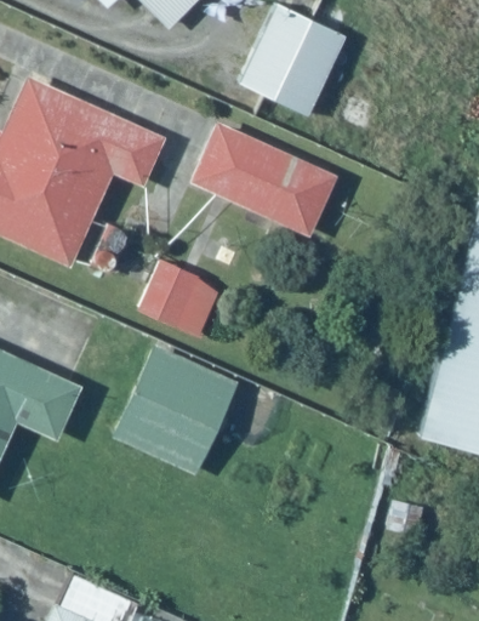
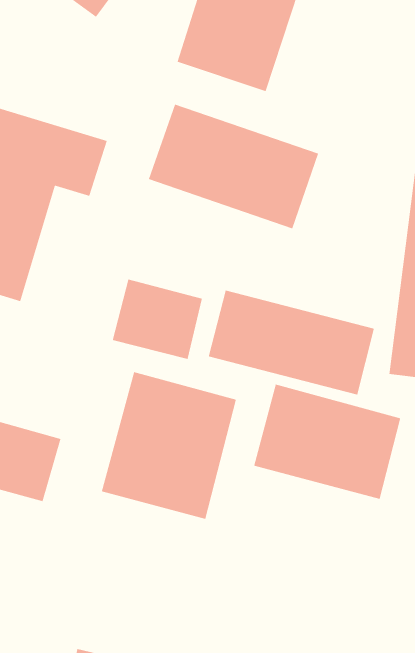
building: none -> [208,290,375,395]
building: none -> [253,383,401,500]

